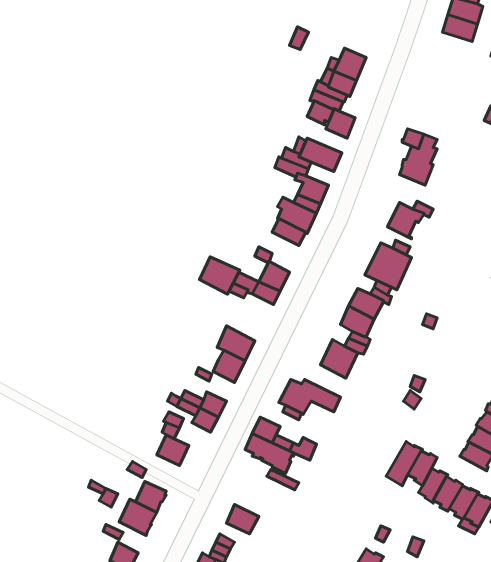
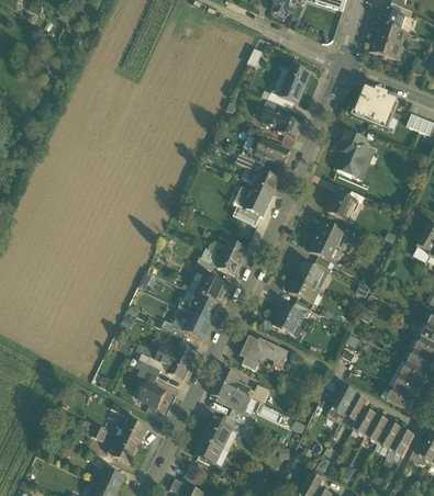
building: none -> [350,84,400,129]
building: [199,257,240,294] -> [196,273,229,304]
building: none -> [202,417,232,448]

